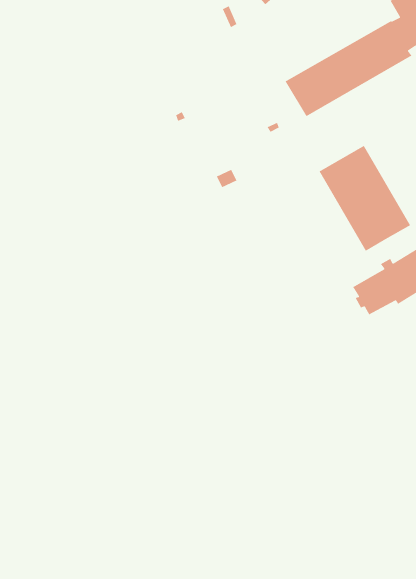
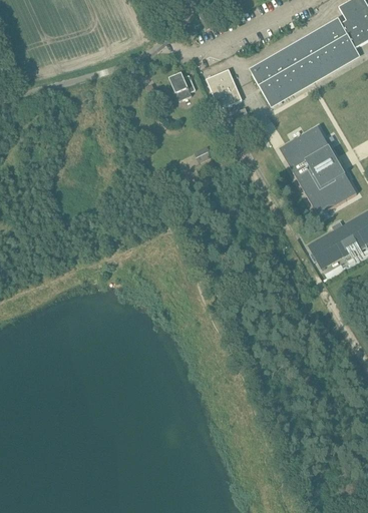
building: none -> [207,69,242,109]
building: none -> [169,72,196,100]

